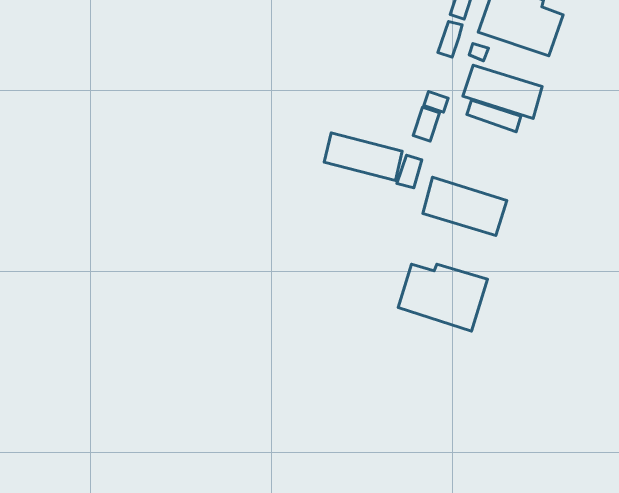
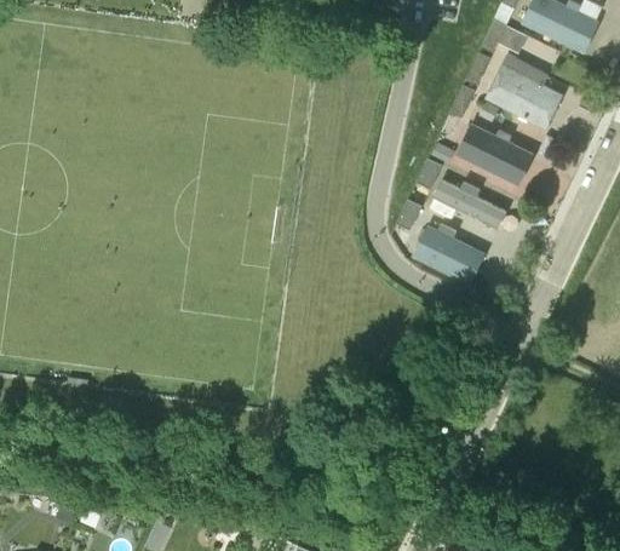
building: [324,133,402,180] -> [438,178,510,229]
building: [398,264,488,331] -> none

